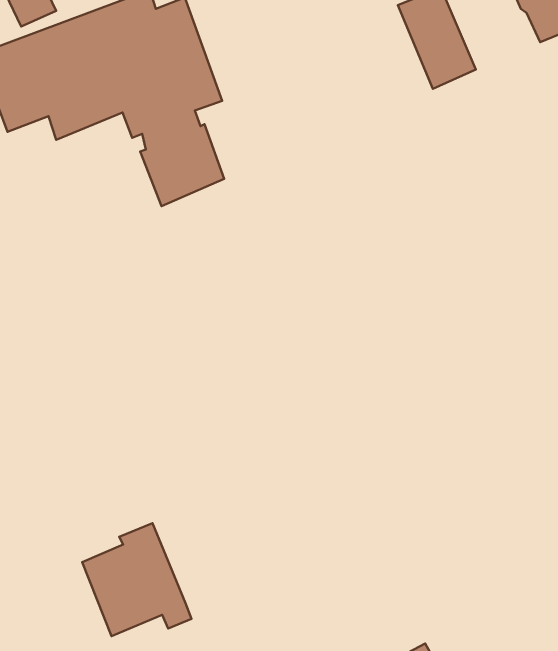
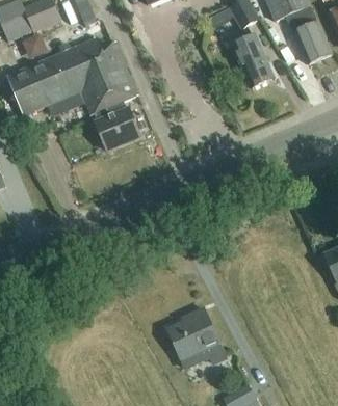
building: [82,523,191,636] -> [167,309,226,370]

